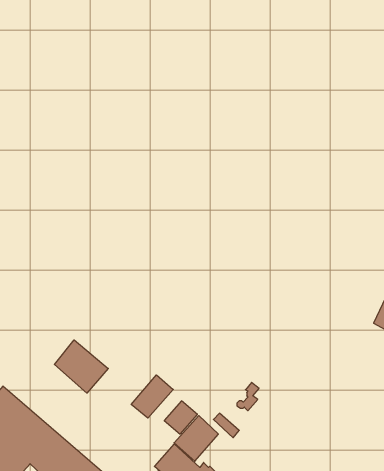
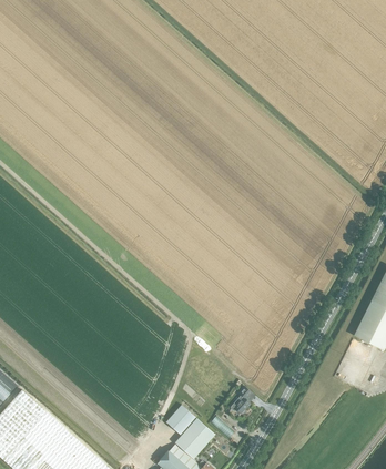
building: [54,340,108,393] -> none
building: [131,375,173,418] -> none

